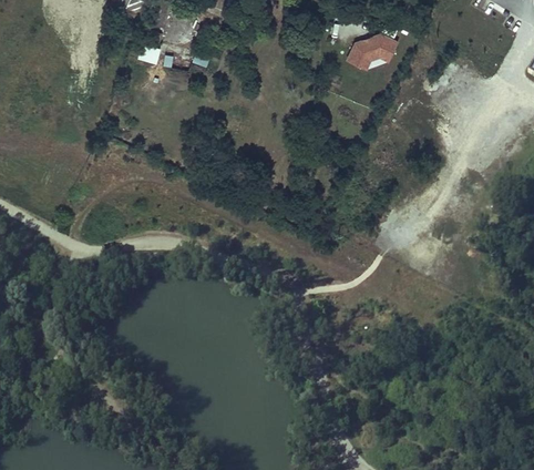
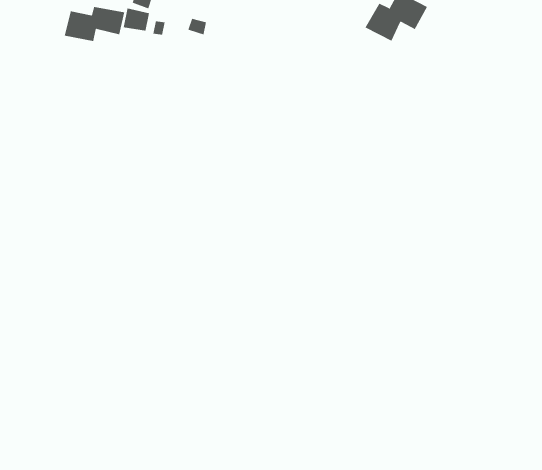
building: none -> [64,6,125,42]

